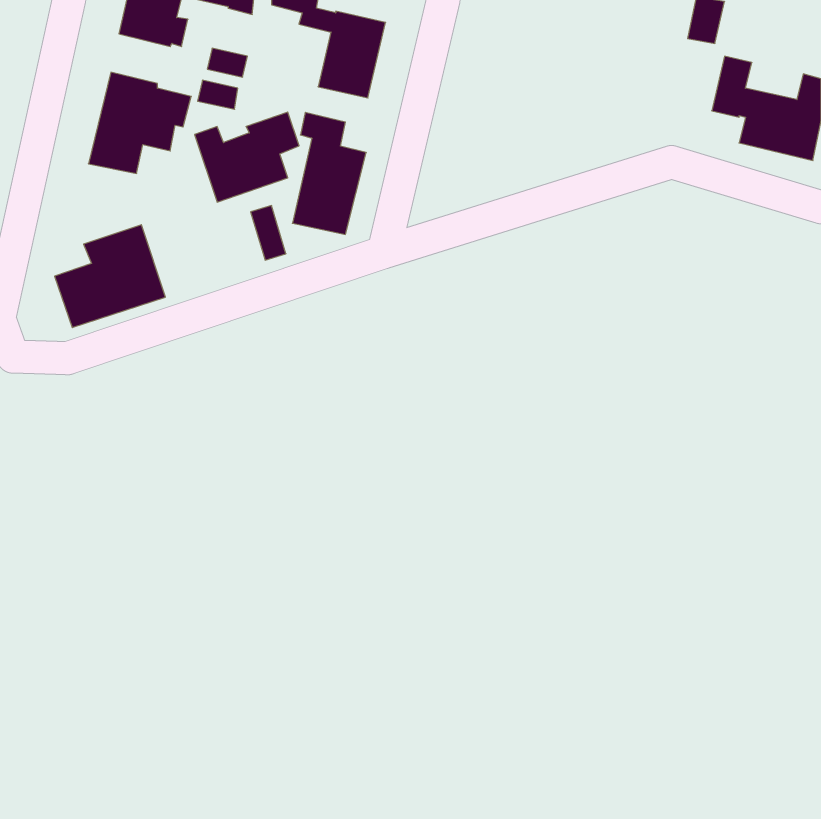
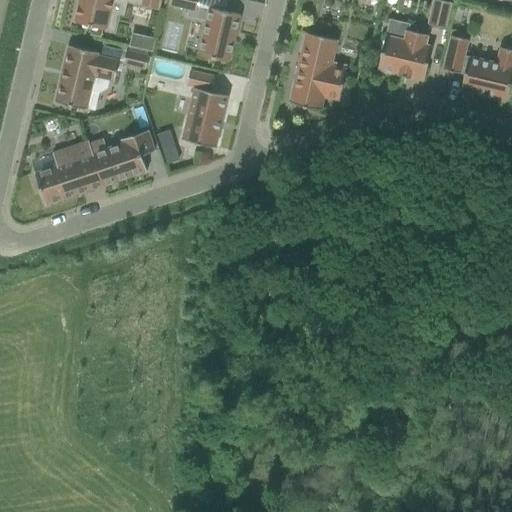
building: none -> [377,29,432,79]
building: none -> [290,32,347,109]
building: [195,112,299,202] -> [89,129,154,185]

